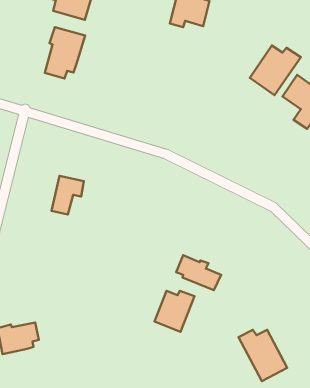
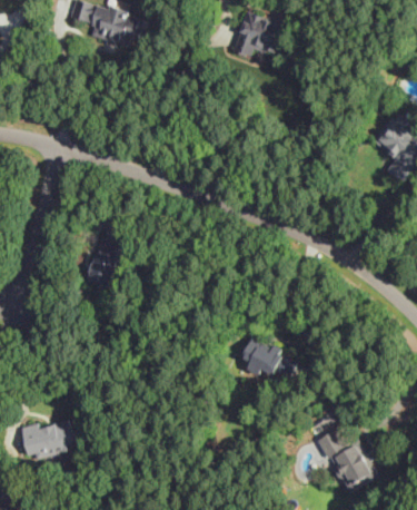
building: [45,27,85,79] -> none
building: [250,45,301,95] -> none
building: [154,291,195,332] -> none

